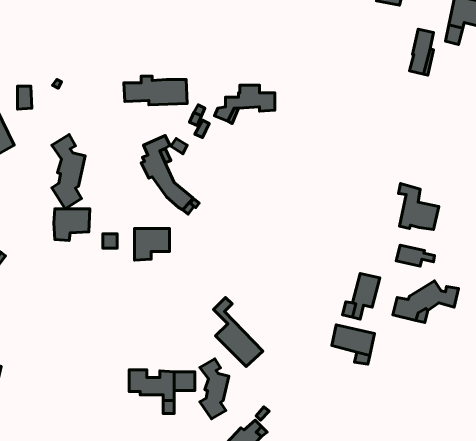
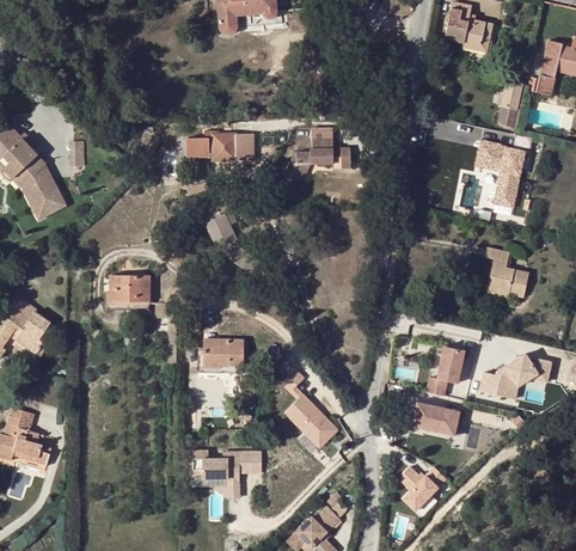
building: none -> [474,134,533,208]
building: [52,135,85,209] -> none
building: [135,229,170,260] -> [204,338,243,373]
building: [396,245,435,266] -> none
building: [200,359,229,419] -> none
building: none -> [402,465,446,509]

